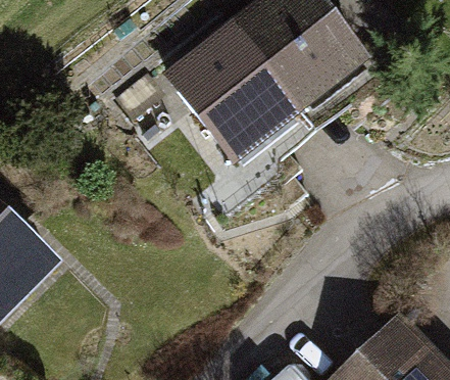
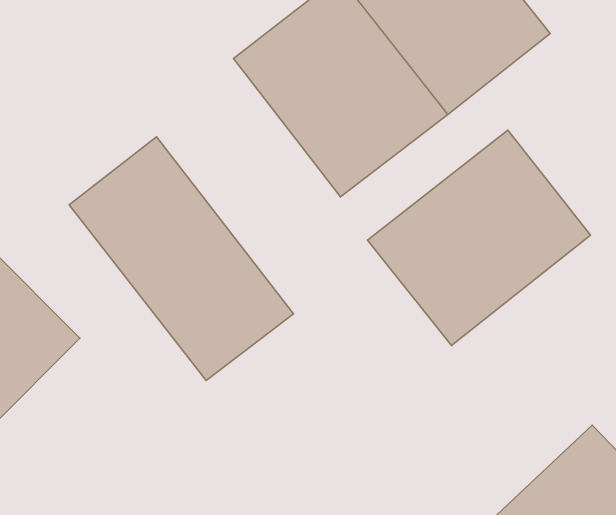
building: none -> [367,130,591,346]
building: none -> [69,137,293,380]

